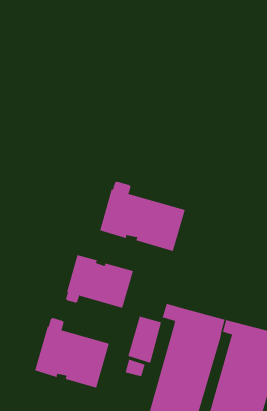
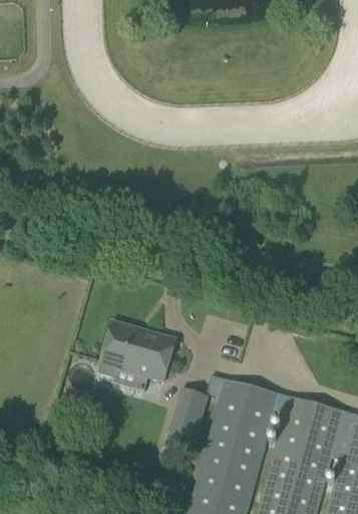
building: [100,181,185,252] -> none
building: [34,317,110,389] -> none

